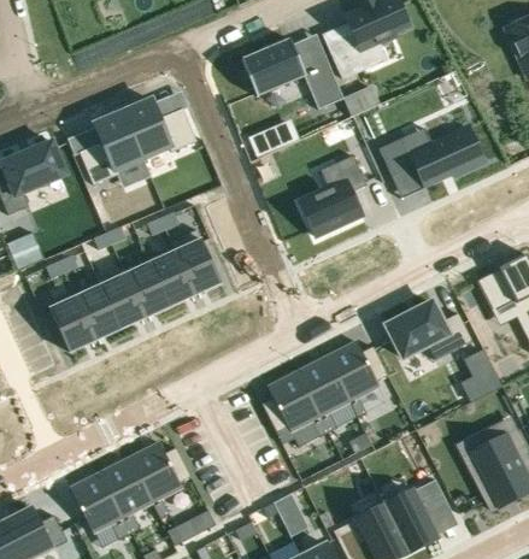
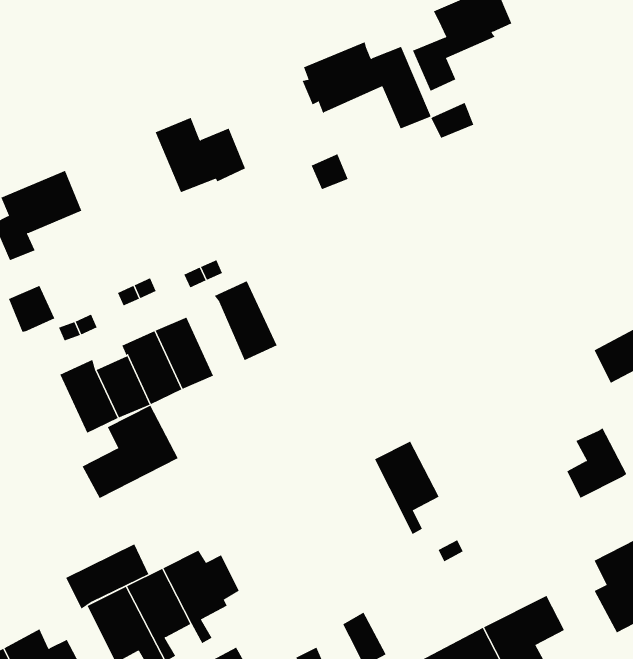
building: [80,111,145,184] -> none
building: [380,126,484,184] -> none
building: [299,154,365,236] -> none
building: [149,246,195,305] -> none
building: [387,302,472,360] -> none
building: none -> [82,405,179,499]
building: [328,341,389,417] -> none
building: [263,371,329,447] -> none
building: none -> [65,543,149,610]

